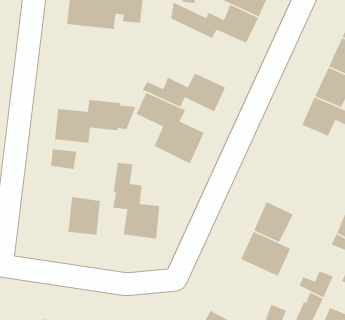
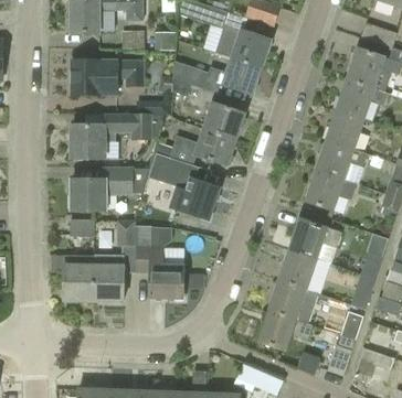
building: none -> [172,78,245,140]
building: none -> [71,114,163,159]
building: none -> [305,170,356,212]
building: none -> [117,220,136,257]
building: none -> [288,218,342,259]
building: none -> [63,256,94,301]
building: none -> [257,310,313,351]

